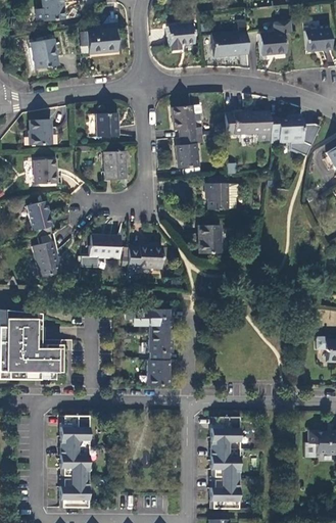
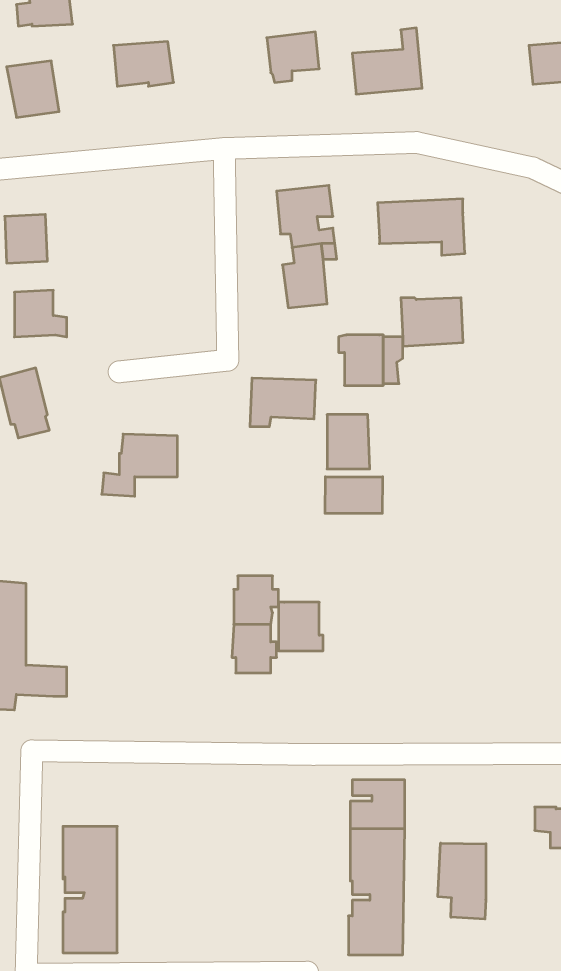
building: [259,19,292,54] -> none
building: [97,112,118,136] -> none
building: [271,117,303,143] -> [401,298,463,346]
building: [104,150,126,178] -> none
building: [33,240,60,276] -> none
building: [129,245,163,271] -> [250,378,316,427]
building: none -> [325,477,383,513]
building: [148,360,172,385] -> [278,602,323,651]
building: [60,415,90,440] -> none
building: none -> [438,843,486,919]

